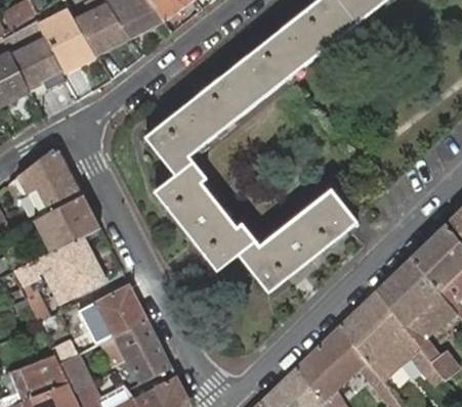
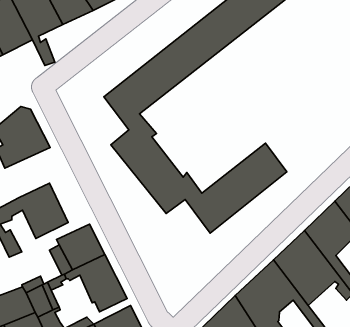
building: [32,195,100,253] -> none

